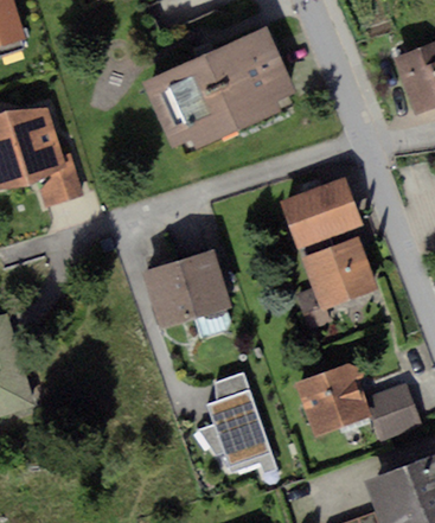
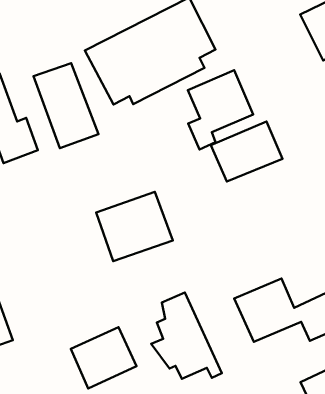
building: none -> [33,63,98,148]
building: [300,238,375,326] -> [188,70,253,150]
building: none -> [71,327,137,388]

